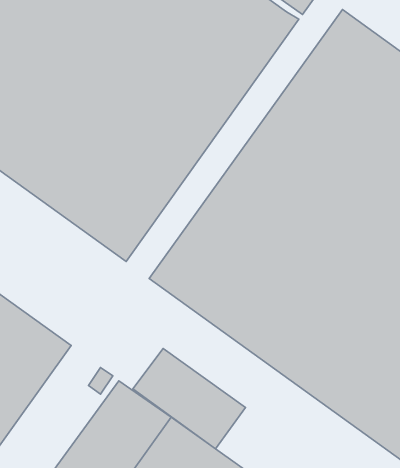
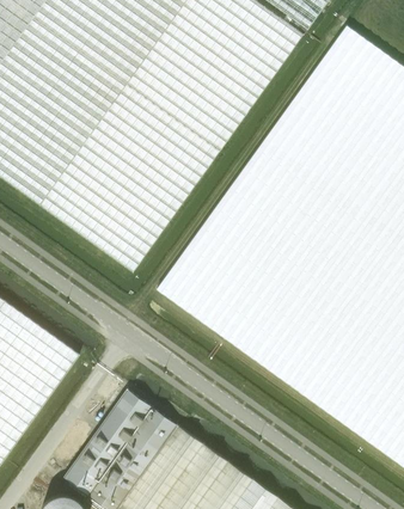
building: [133,349,245,449] -> none

